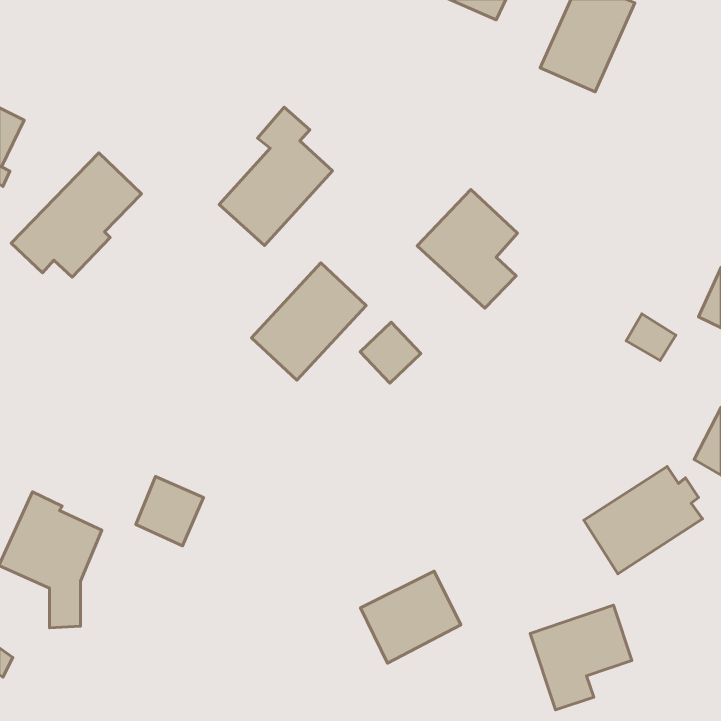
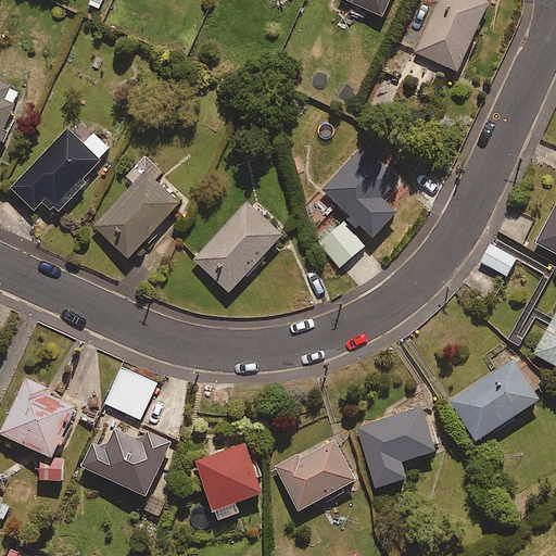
building: [219,107,332,246] -> [91,153,178,260]
building: [360,322,421,383] -> [317,220,364,267]
building: none -> [80,426,170,496]
building: none -> [194,443,261,520]
building: [530,605,632,710] -> [356,407,434,488]

